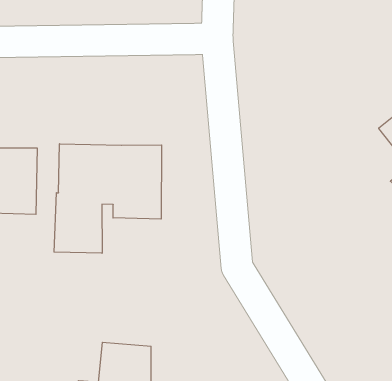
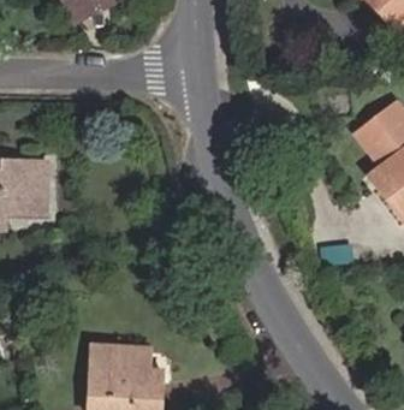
building: [54,144,161,253] -> none

